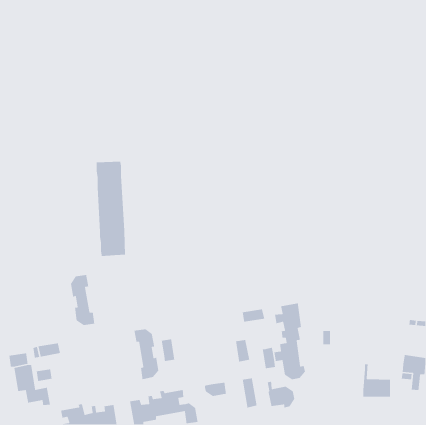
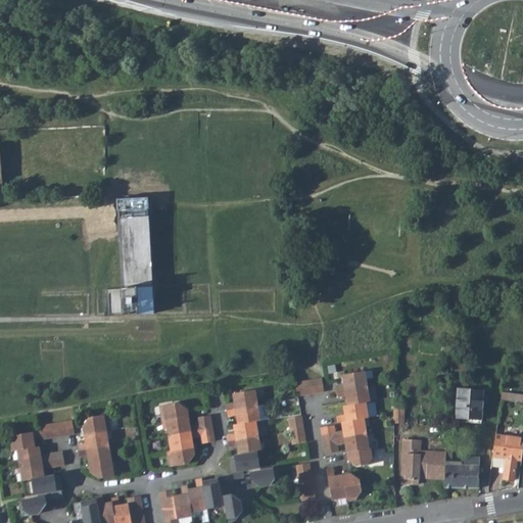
building: [70,274,95,326] -> [83,415,113,478]
building: none -> [226,389,262,478]
building: none -> [457,389,483,421]
building: none -> [401,439,446,484]
building: none -> [18,495,46,515]

